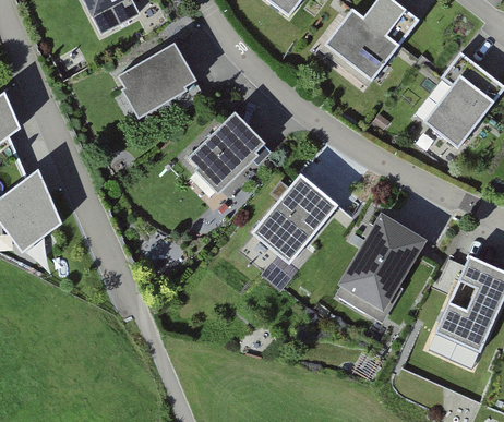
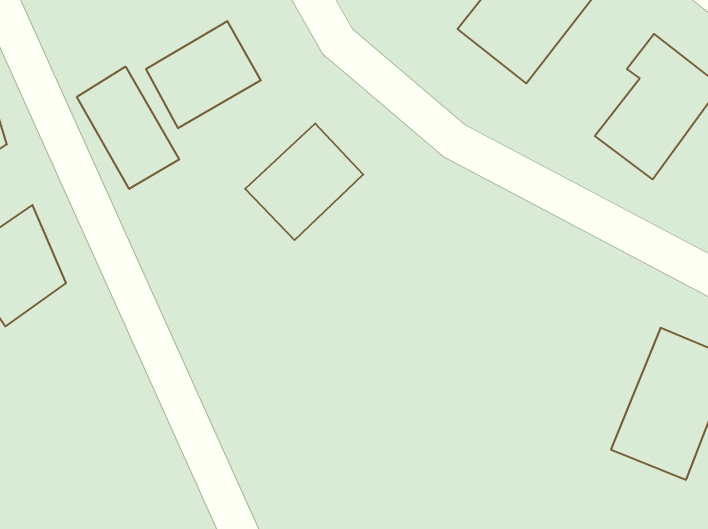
building: none -> [77,67,179,189]
building: [248,171,340,267] -> none
building: [334,207,430,315] -> none

